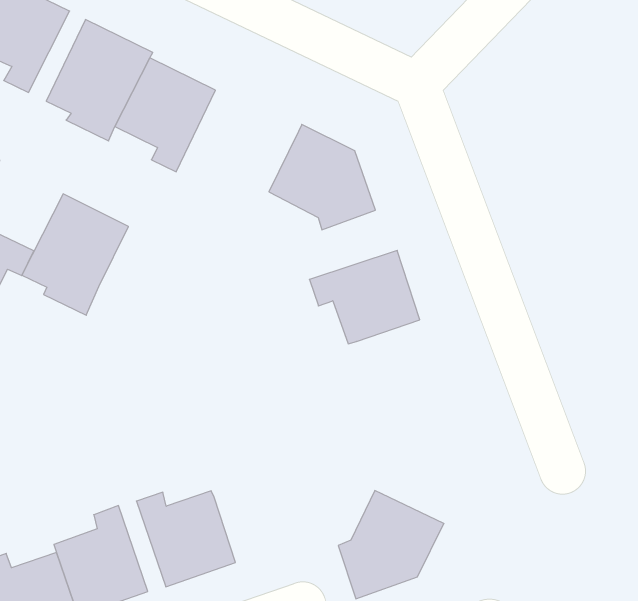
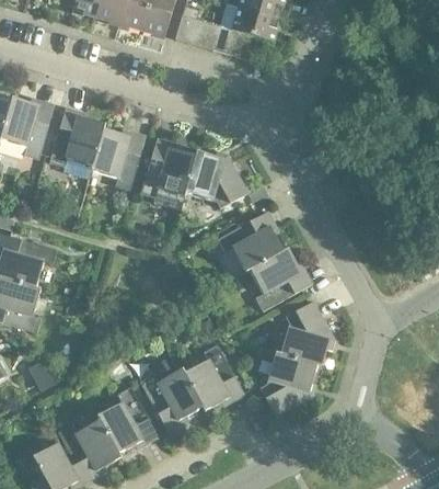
building: [22,194,128,315] -> [140,141,196,208]
building: none -> [250,247,309,309]
building: none -> [279,299,331,364]
building: none -> [184,342,242,409]

